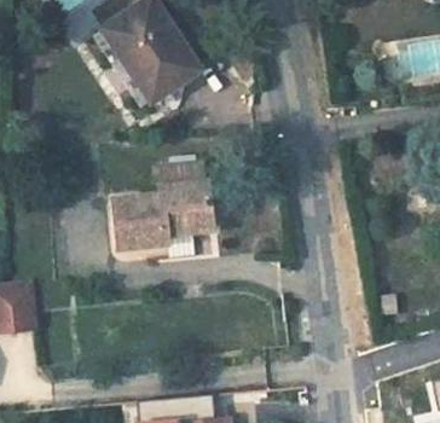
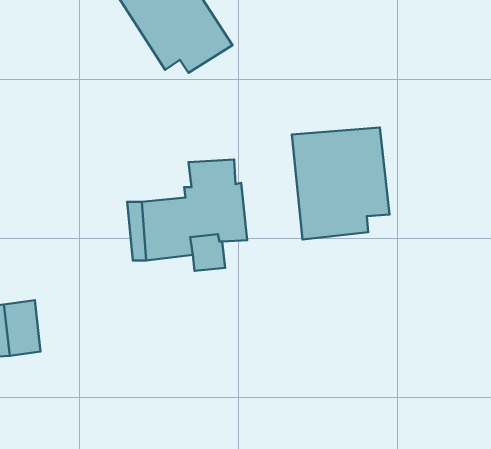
building: none -> [292,128,389,240]

